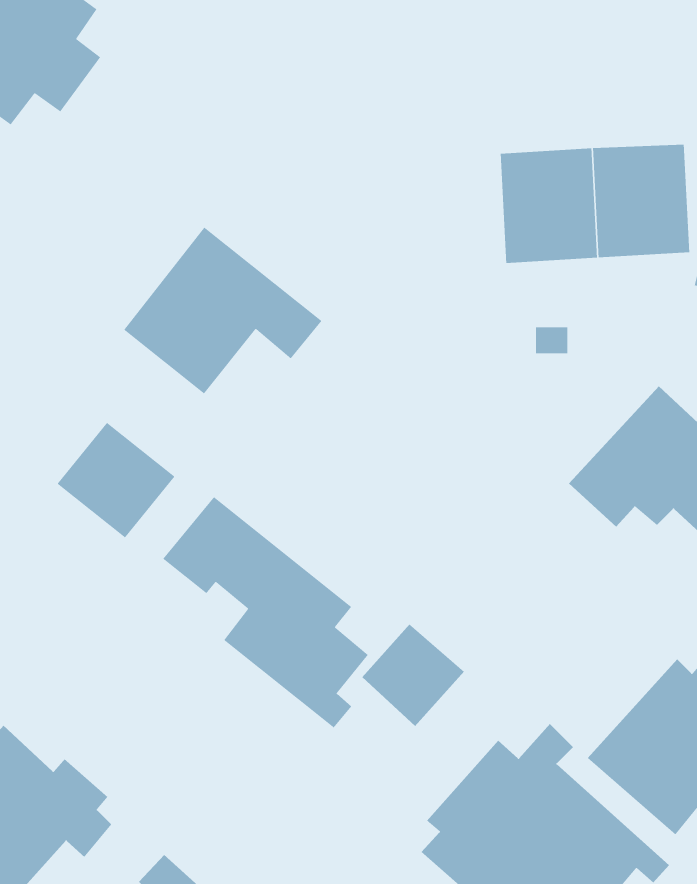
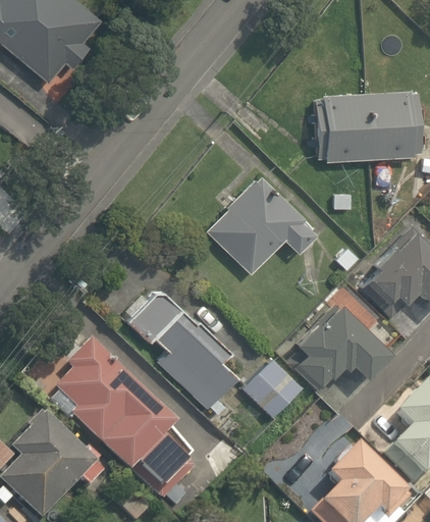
building: [123,227,322,395] -> [208,181,318,274]
building: [56,422,176,539] -> none
building: none -> [288,301,391,390]
building: none -> [58,337,189,484]

